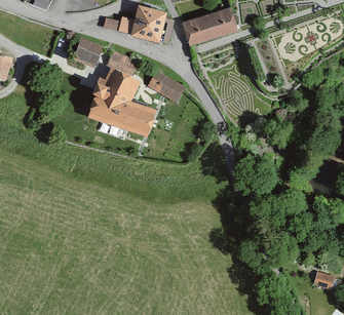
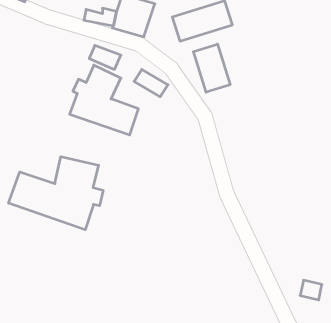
building: [71,38,98,64] -> none
building: none -> [193,44,230,92]
building: none -> [9,157,103,230]

